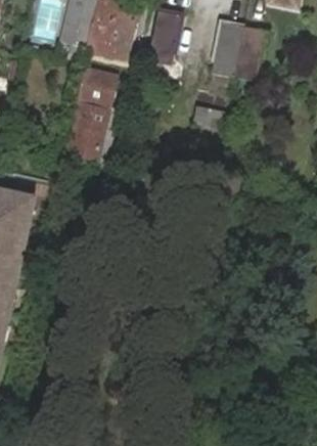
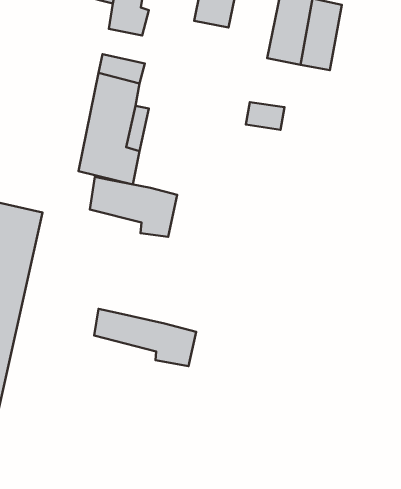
building: none -> [90,177,177,237]
building: none -> [94,309,196,366]

